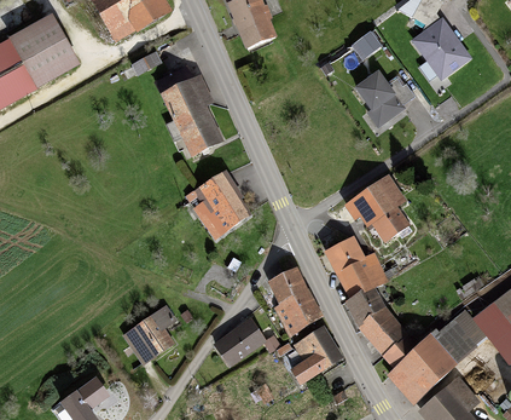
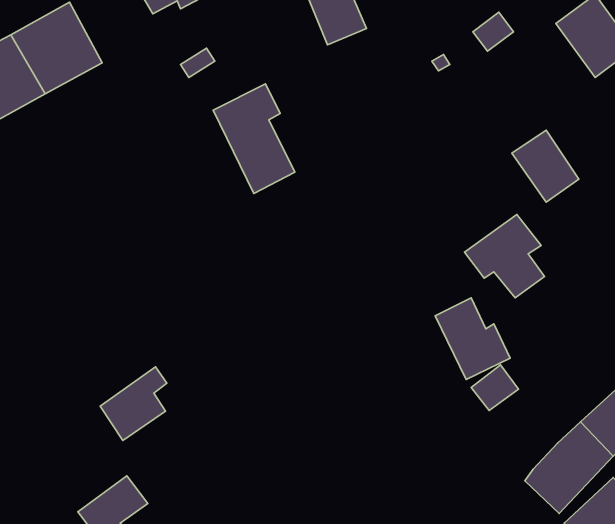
building: [354,69,403,122] -> [512,130,579,202]
building: [188,172,248,235] -> none
building: [267,270,318,334] -> none
building: [364,309,414,368] -> none
building: [126,310,175,364] -> [100,367,167,440]
building: [215,320,261,363] -> none
building: [291,328,338,380] -> none

